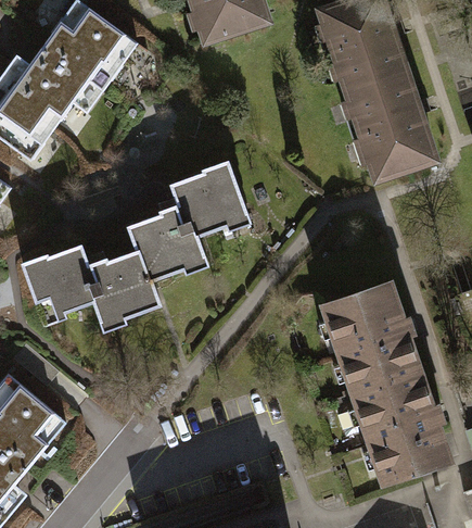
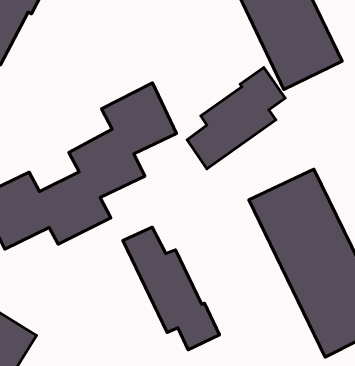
building: none -> [187,68,285,169]
building: none -> [123,227,220,350]

